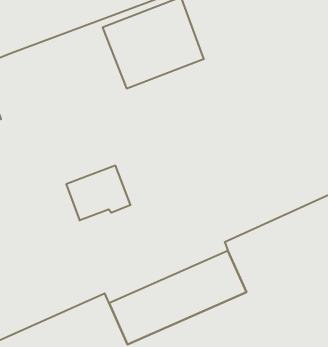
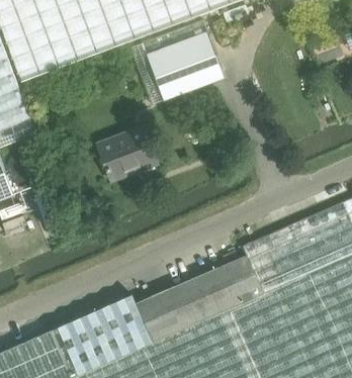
building: [66,166,131,220] -> [98,127,158,178]

